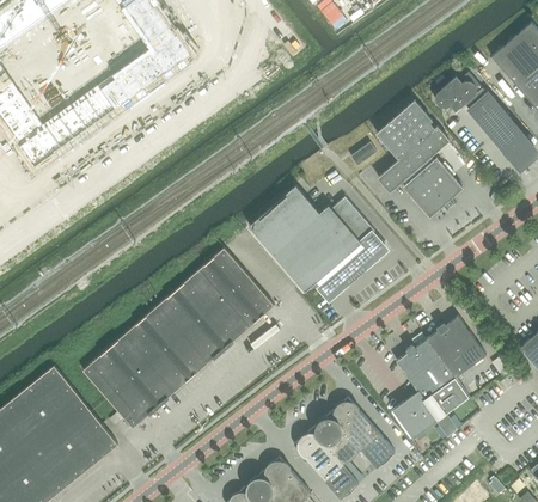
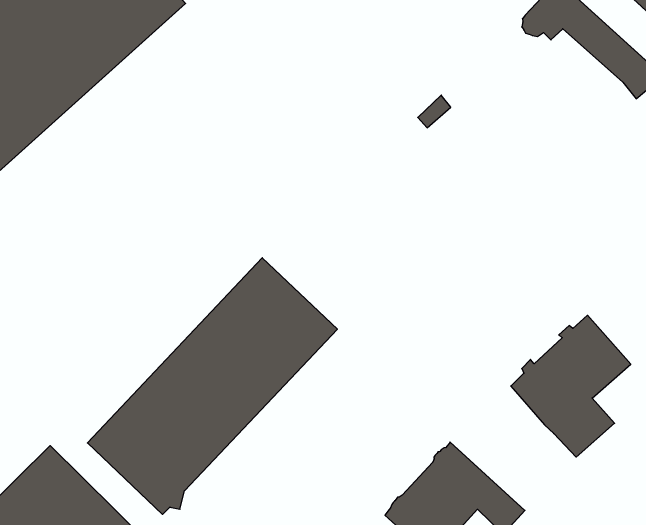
building: [375,100,463,218] -> none
building: [249,186,386,293] -> none
building: [395,393,439,437] -> none

